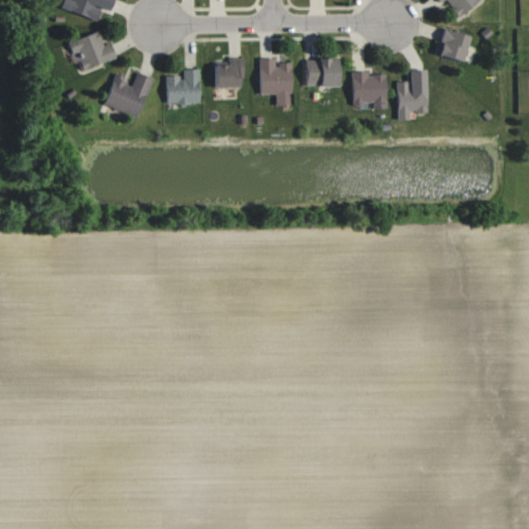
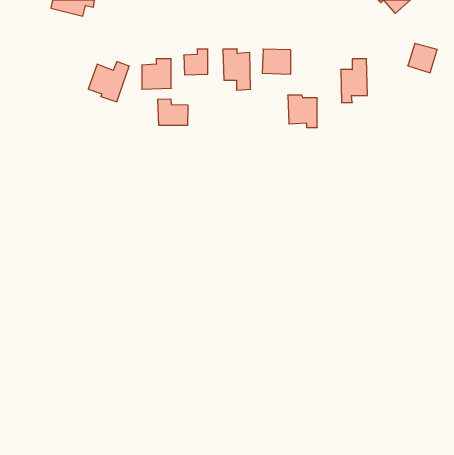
building: [436,28,470,62] -> [408,43,437,73]
building: [71,32,116,70] -> none
building: [352,71,386,108] -> [288,95,317,127]
building: none -> [158,99,188,125]

